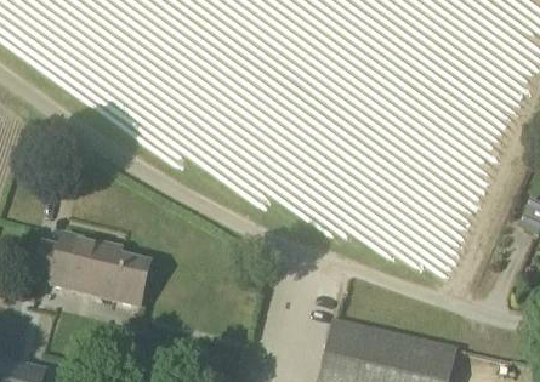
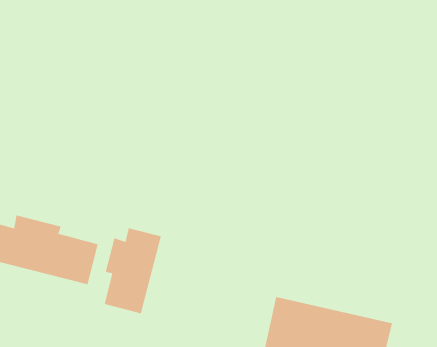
building: none -> [104,228,161,314]

